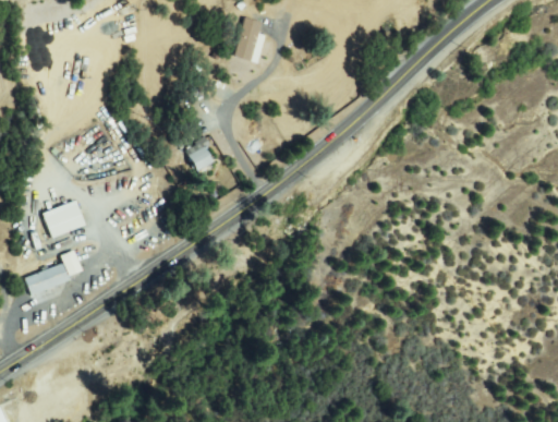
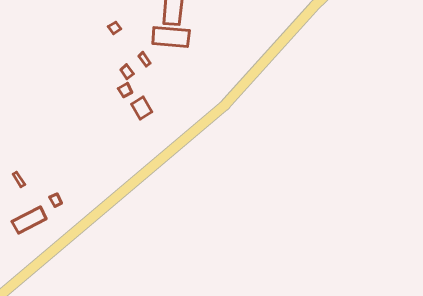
building: none -> [153,28,189,46]
building: [41,202,82,236] -> none

